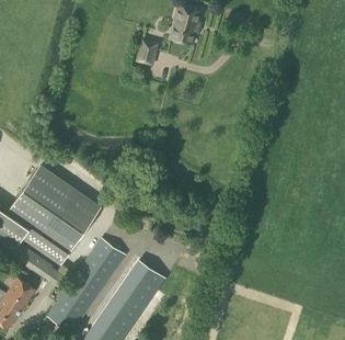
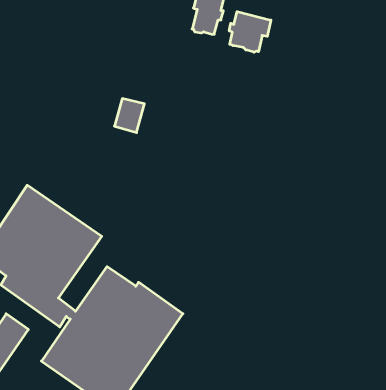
building: none -> [229,12,271,52]
building: [136,36,161,65] -> [114,99,144,133]

